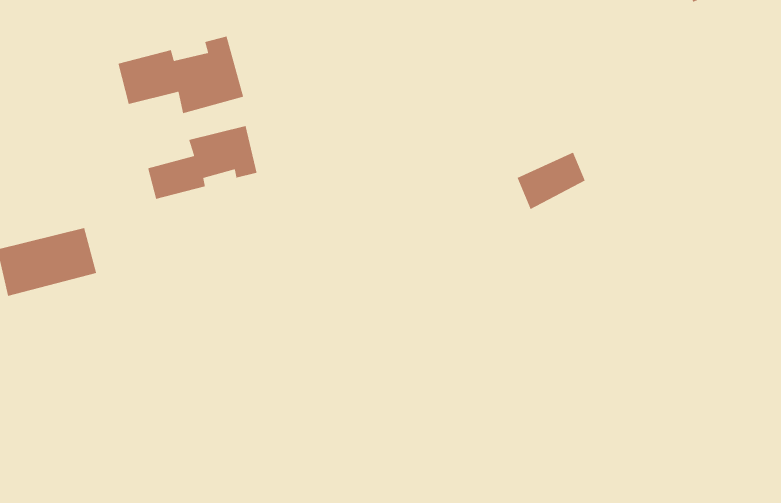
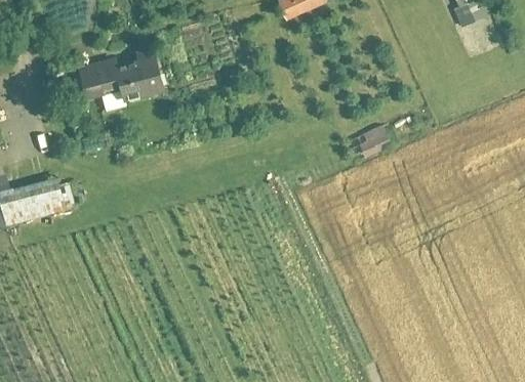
building: [147,125,258,200] -> none

